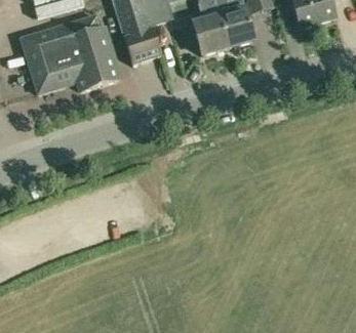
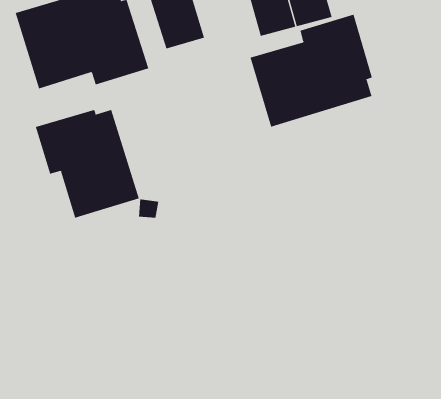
building: none -> [250,14,372,127]
building: none -> [35,109,140,219]

